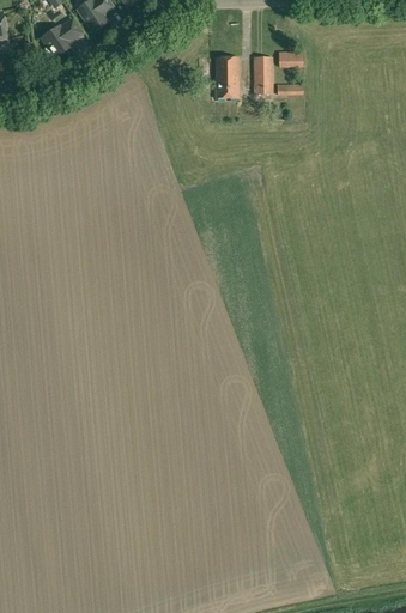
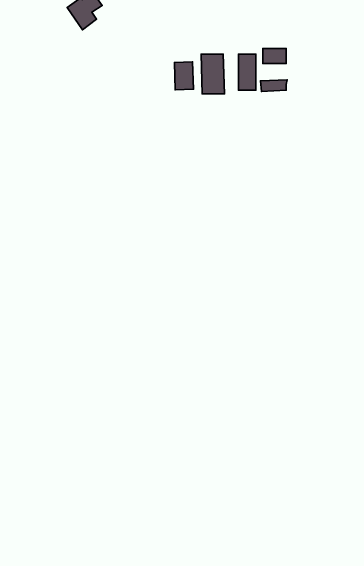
building: [42,20,81,57] -> none
building: none -> [174,62,193,90]

